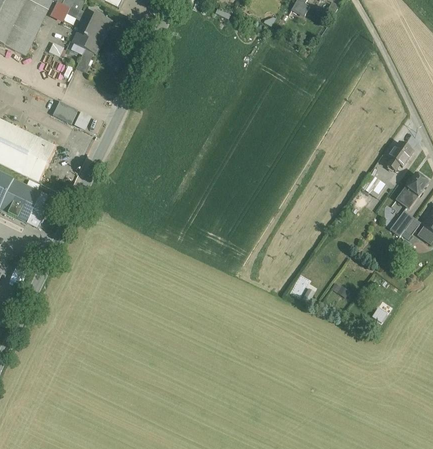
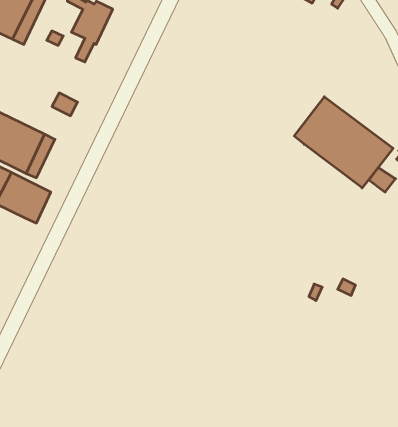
building: none -> [294,97,393,188]

